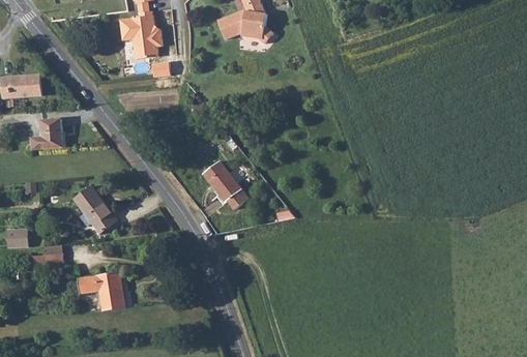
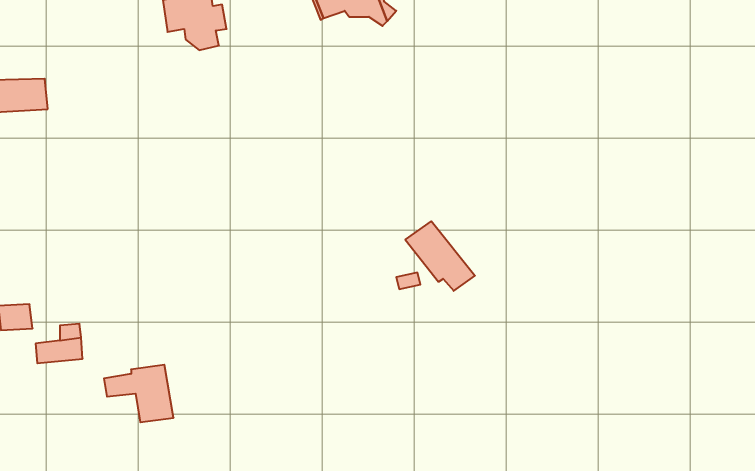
building: [32,120,62,151] -> none
building: [202,162,250,210] -> [405,221,475,291]
building: [74,188,118,235] -> none

